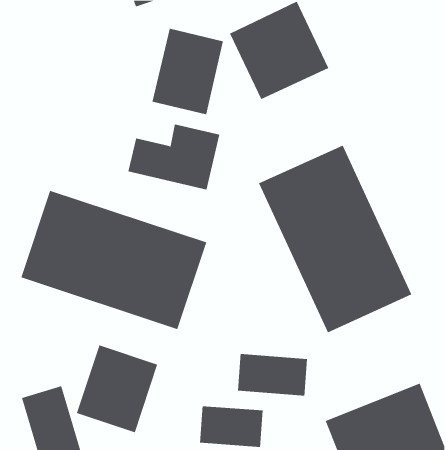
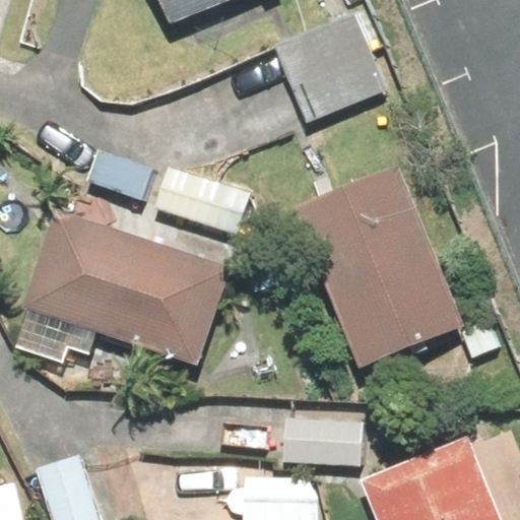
building: [152,28,224,115] -> none
building: [76,344,158,433] -> none

